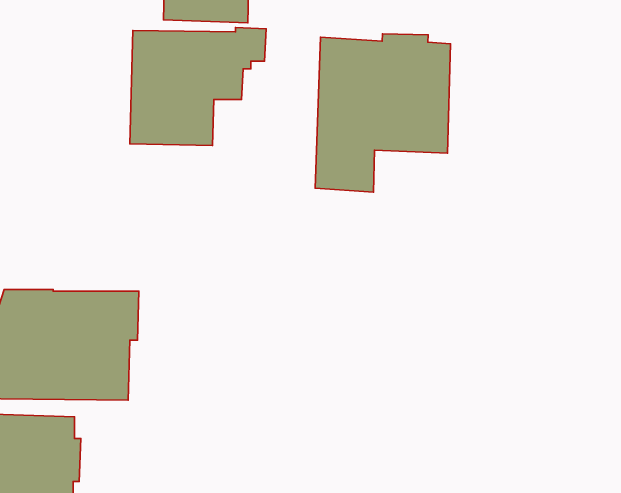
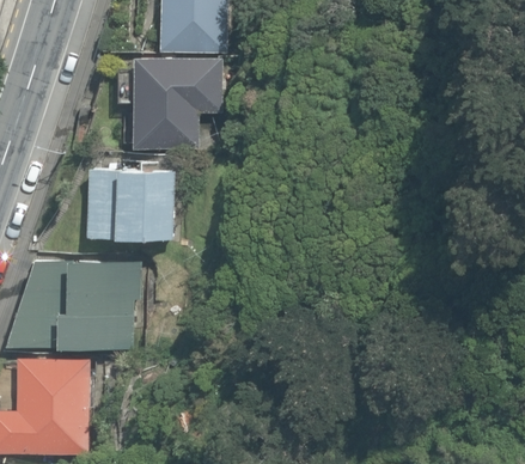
building: [315,34,451,192] -> none
building: none -> [86,169,175,239]

